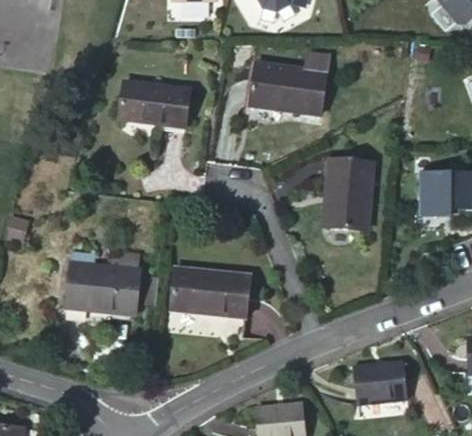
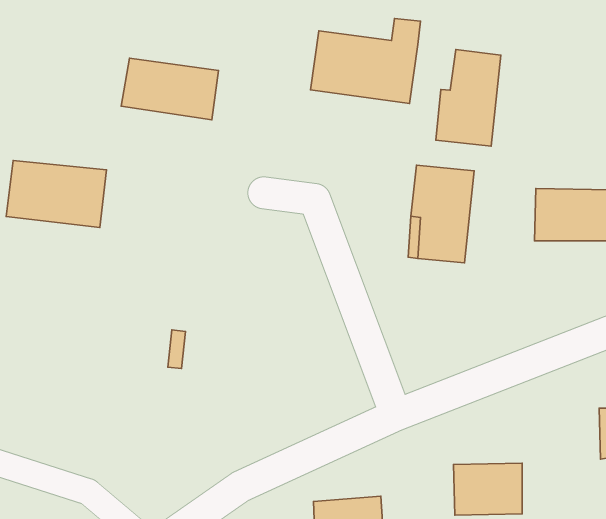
building: none -> [436,50,501,146]
building: [64,265,137,314] -> [6,160,107,228]
building: [175,270,255,320] -> none

